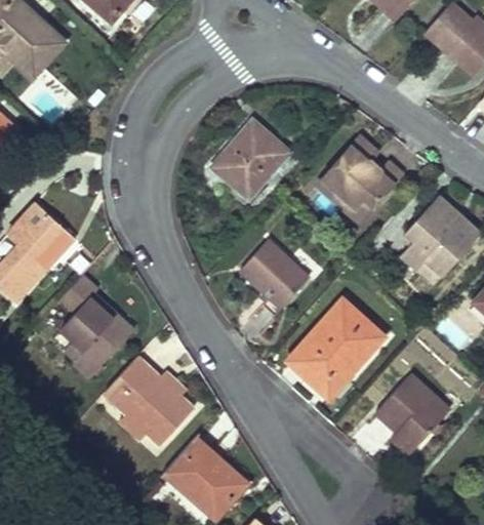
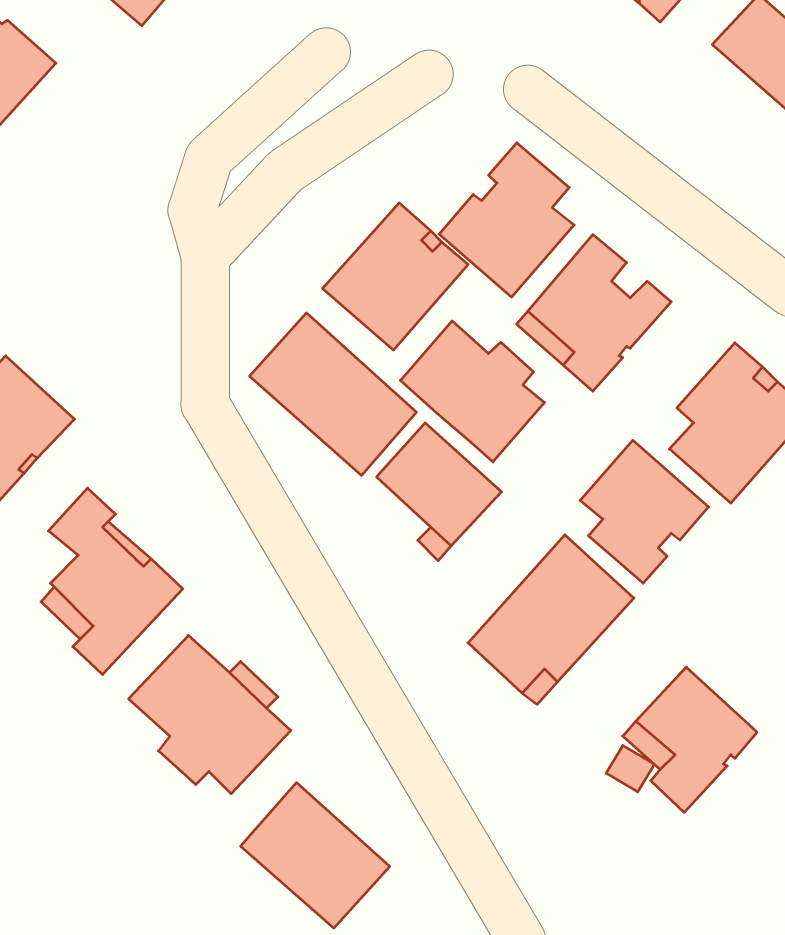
building: none -> [439,143,574,297]
building: none -> [250,313,416,475]
building: none -> [400,321,545,462]
building: none -> [580,440,709,583]

